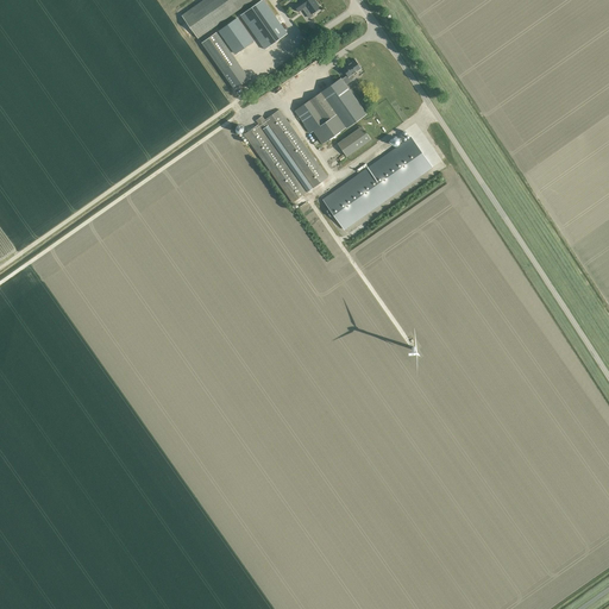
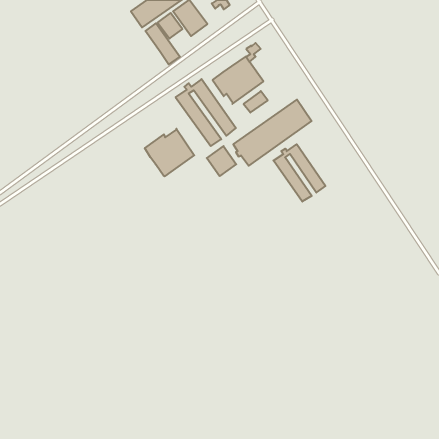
building: none -> [145,129,194,176]
building: none -> [273,144,325,202]
building: none -> [207,146,236,176]

